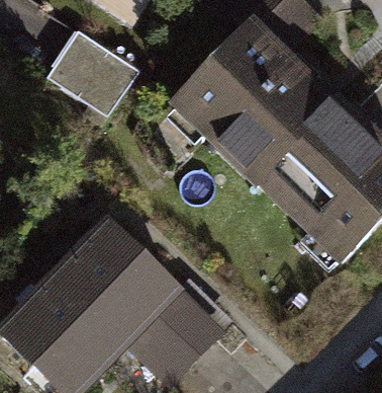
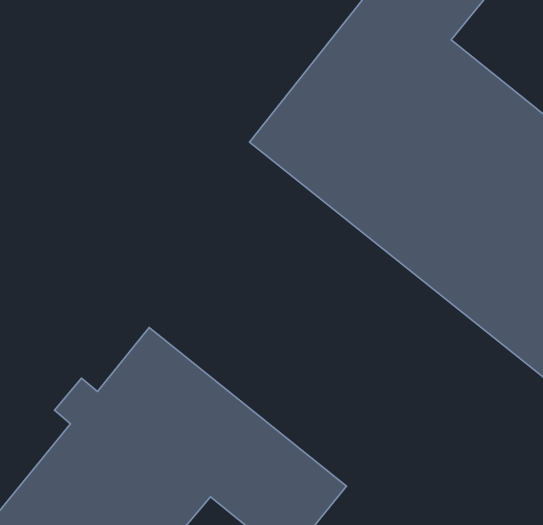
building: [43,29,139,120] -> none

